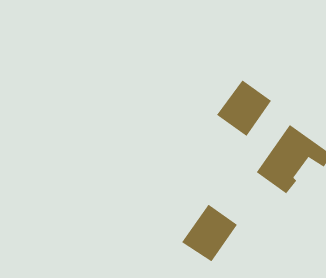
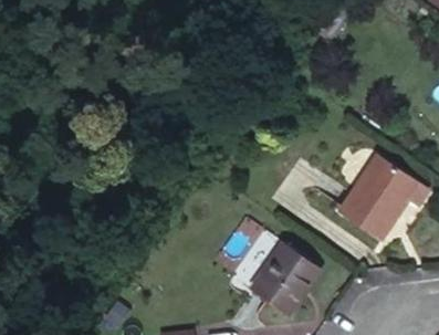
building: [216,79,272,137] -> none

